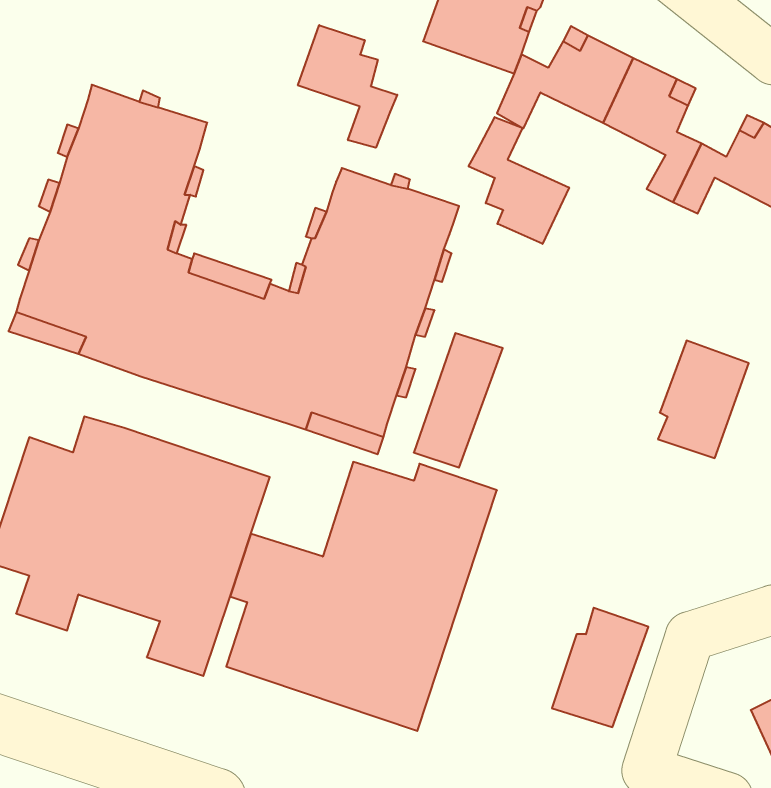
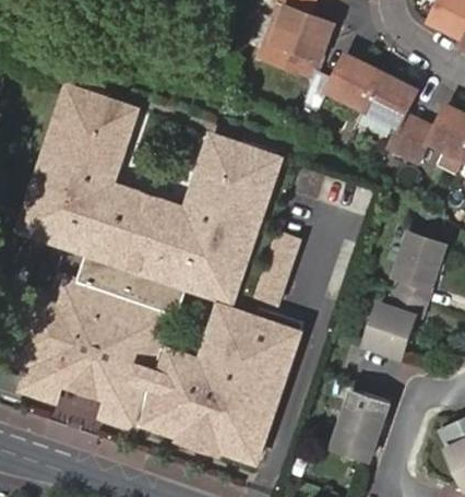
building: [298,25,397,148] -> none
building: [469,117,569,244] -> none
building: none -> [86,257,181,315]
building: none -> [366,293,427,358]

